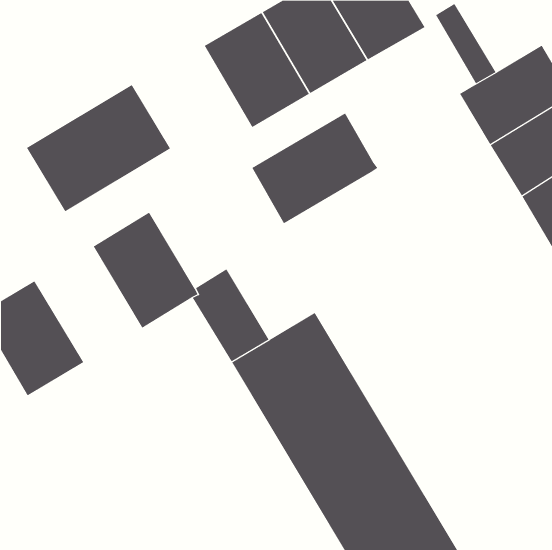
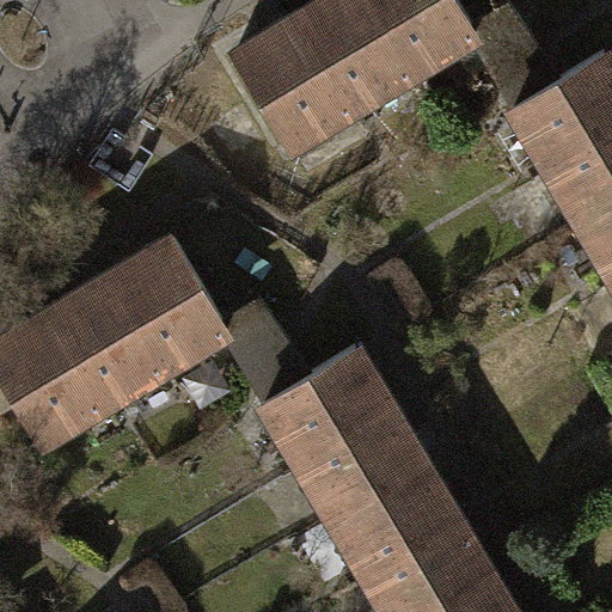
building: [26,84,171,212] -> none
building: [252,112,378,224] -> none
building: none -> [44,279,161,405]

